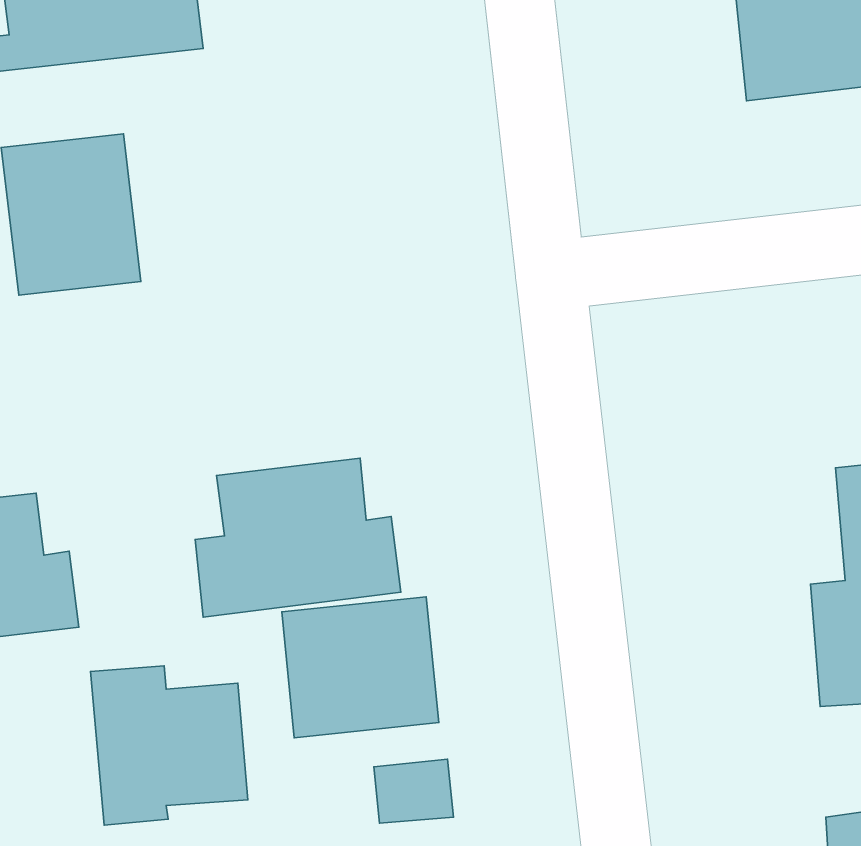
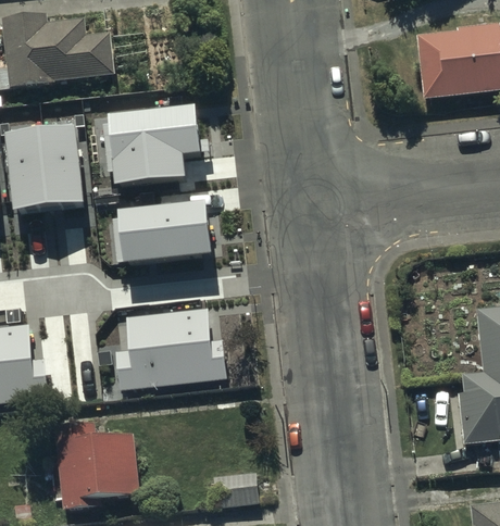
building: none -> [107,102,201,187]
building: none -> [118,200,210,265]
building: [282,597,439,738] -> none

